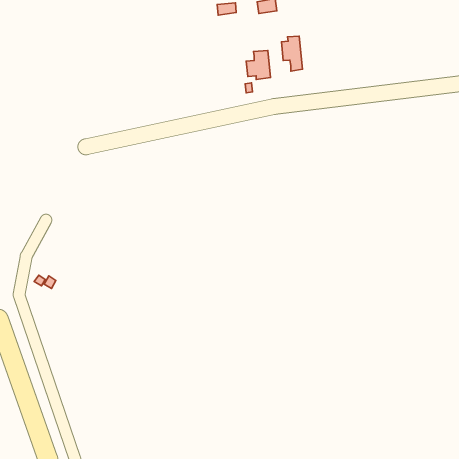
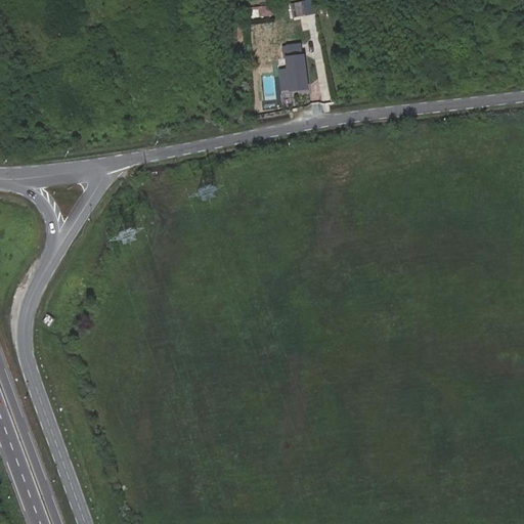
building: [281,36,303,71] -> none

